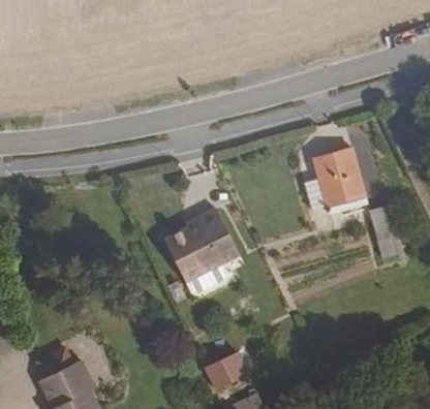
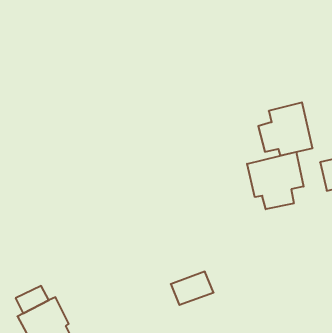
building: none -> [247,152,304,209]
building: [164,210,240,283] -> none

